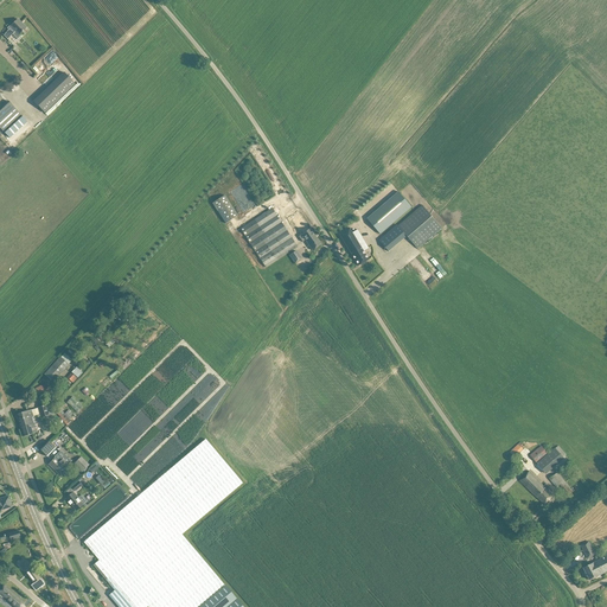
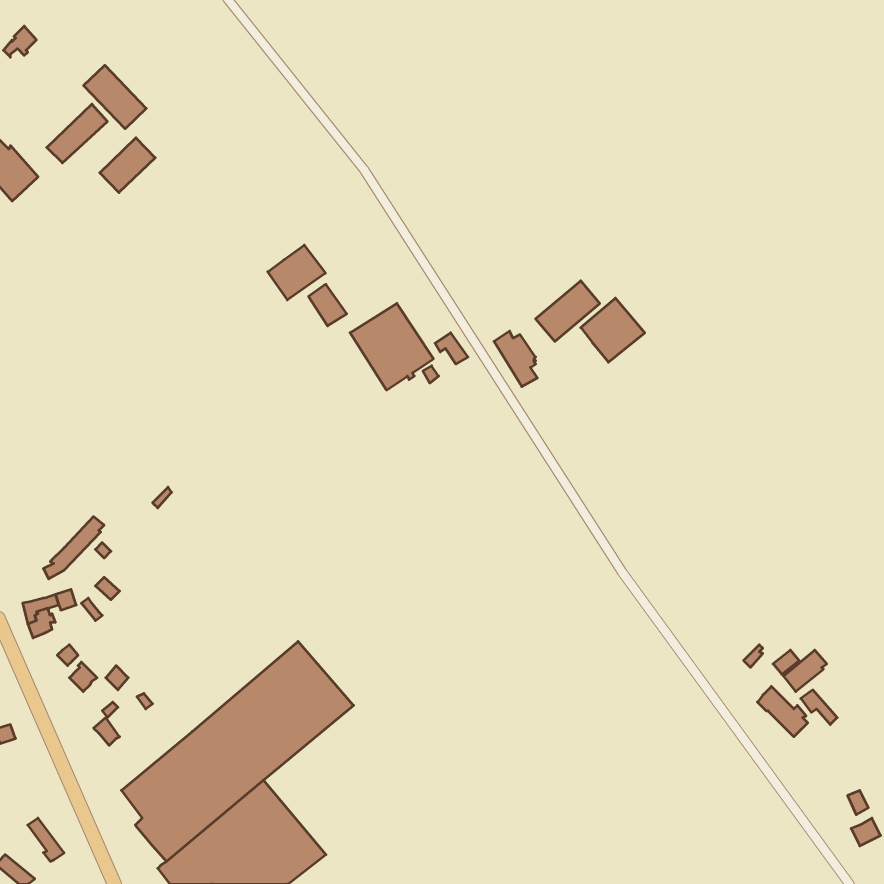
building: none -> [84,65,146,129]
building: none -> [100,138,155,193]
building: none -> [268,245,325,300]

